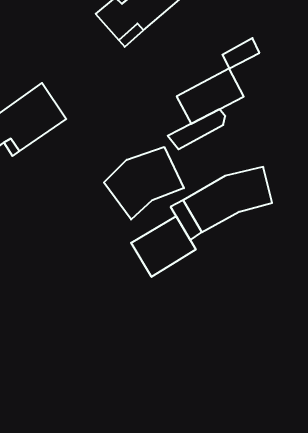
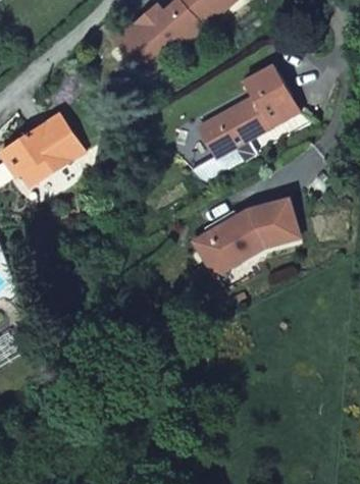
building: none -> [253,79,300,125]
building: [104,147,184,220] -> none
building: [131,216,196,277] -> none

